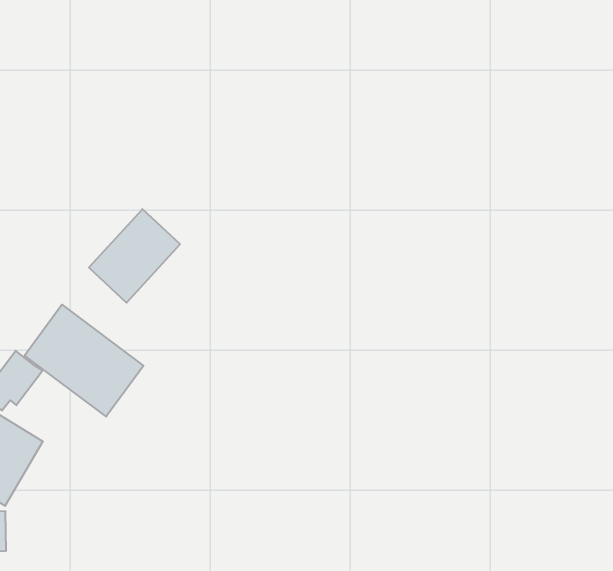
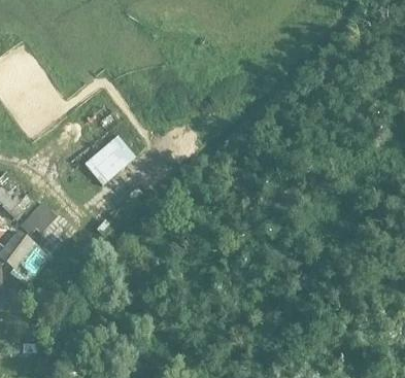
building: [25,305,143,417] -> none

